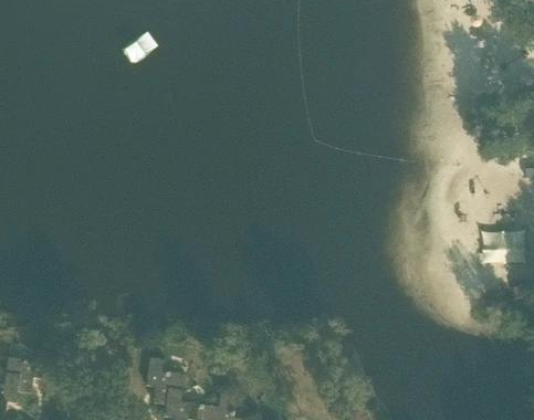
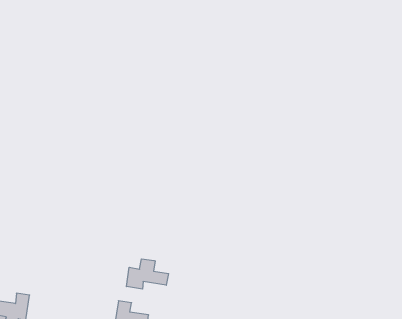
building: none -> [126,259,169,289]

